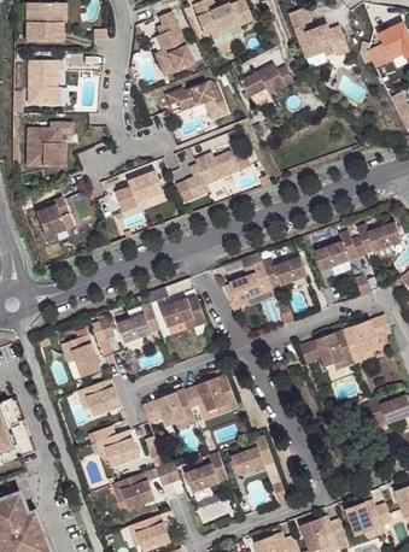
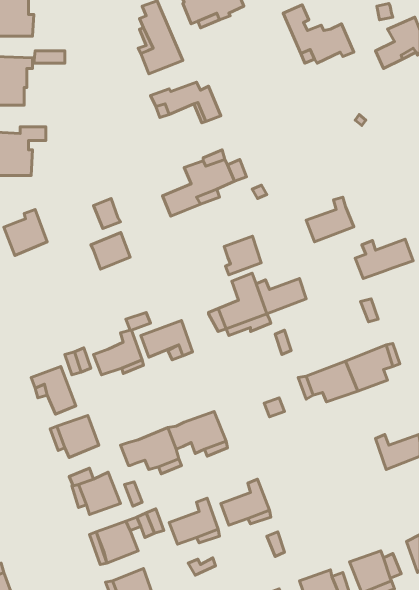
building: [241,64,296,99] -> none
building: [129,170,164,202] -> [91,233,130,269]
building: none -> [224,236,261,275]
building: [314,230,356,270] -> [306,197,354,242]

